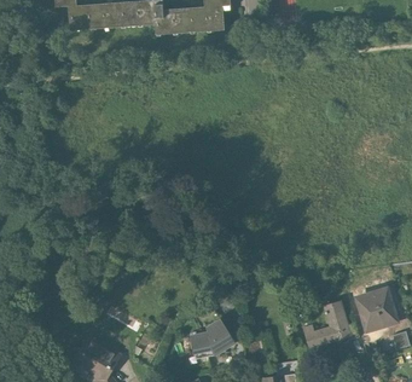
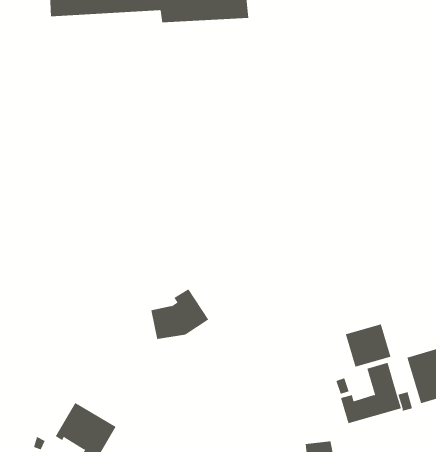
building: none -> [345,323,391,368]
building: [188,317,234,357] -> [150,289,209,339]

